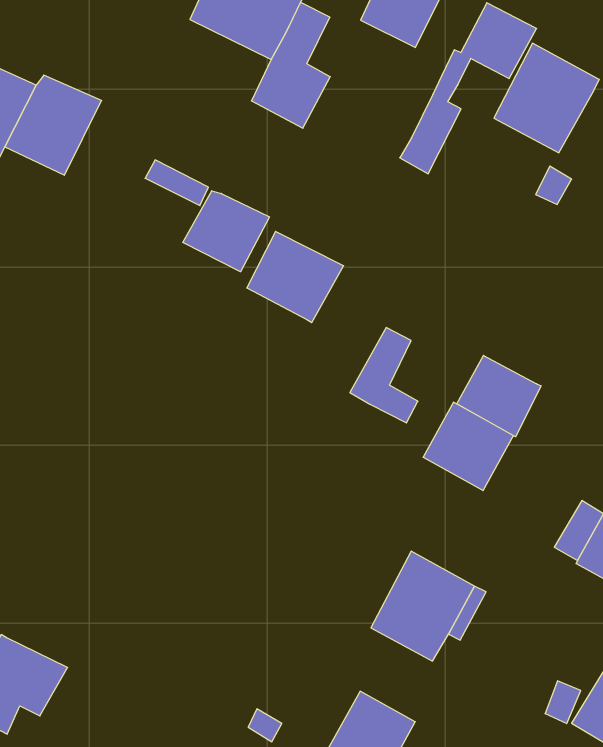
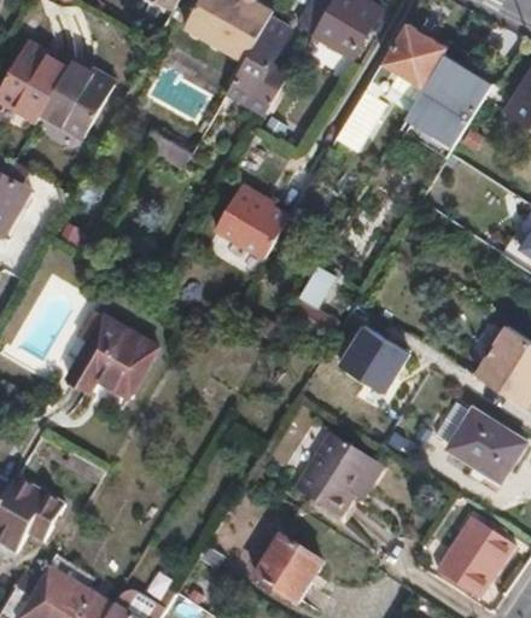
building: [183,191,269,272] -> none
building: [457,355,541,437] -> none
building: none -> [68,316,157,393]

